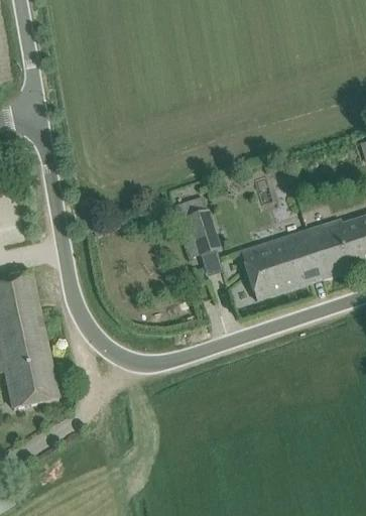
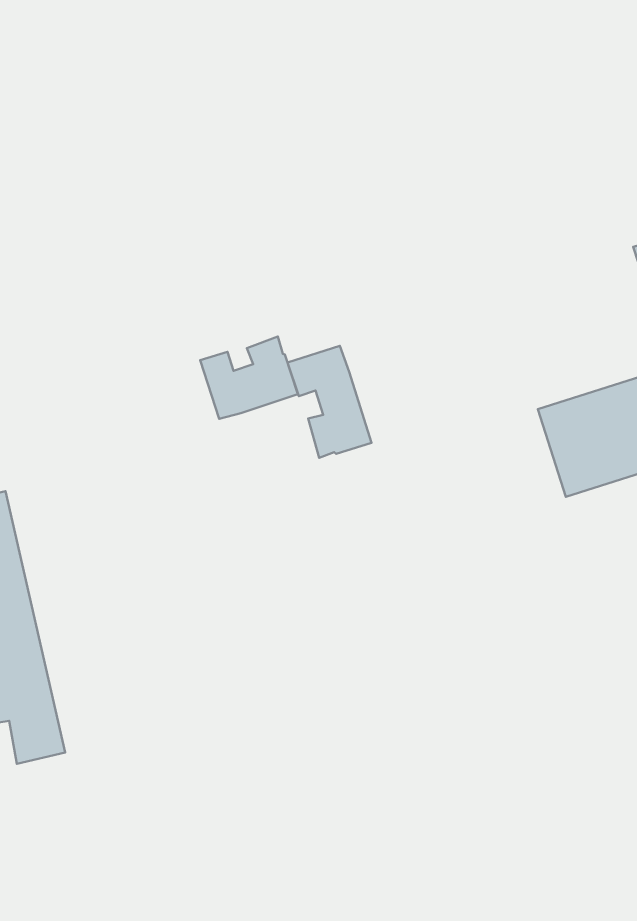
building: none -> [200,337,298,419]
building: [241,230,325,299] -> none

